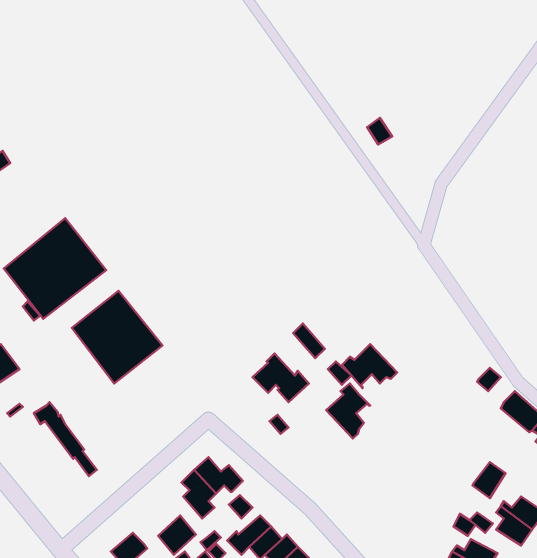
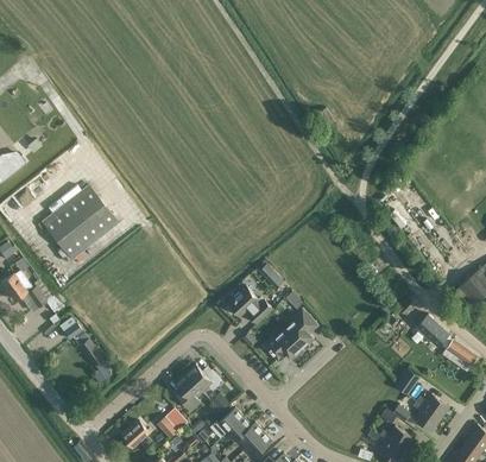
building: [72,291,162,384] -> none
building: [342,344,397,388] -> [264,329,305,362]

